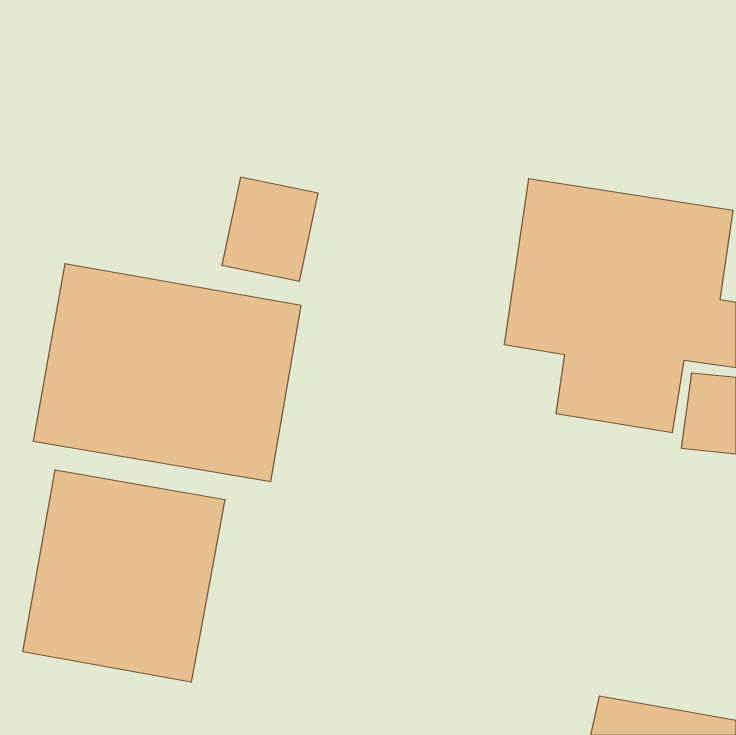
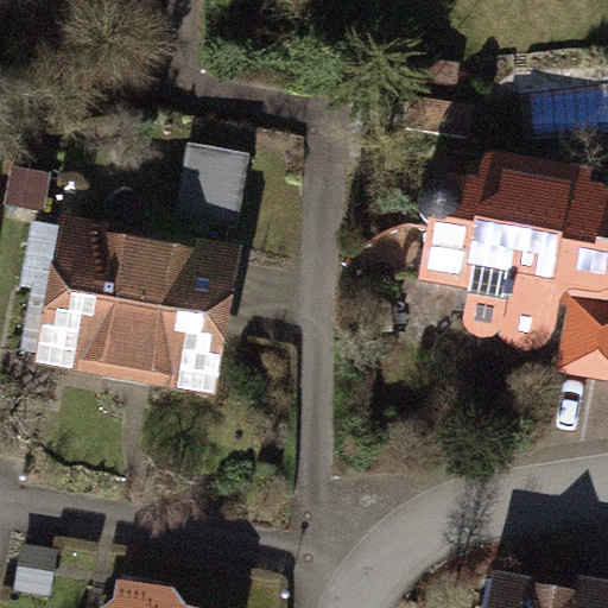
building: [23,470,225,682] -> none

